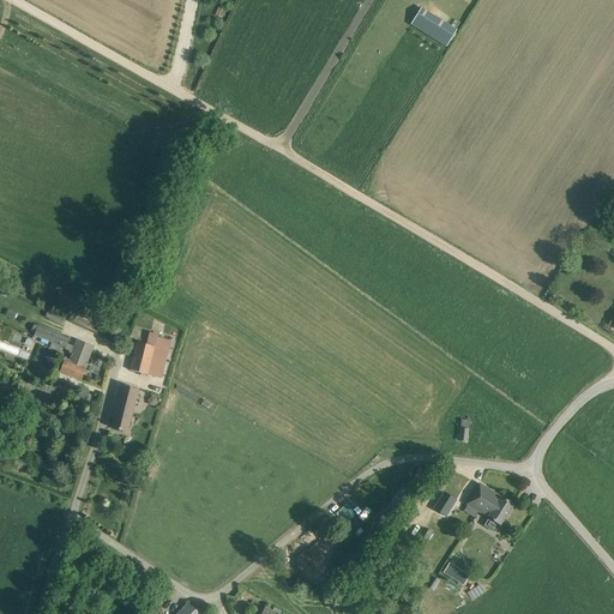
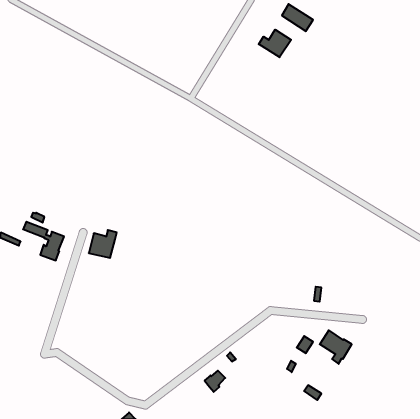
building: none -> [259,30,291,57]
building: [112,384,138,431] -> none

